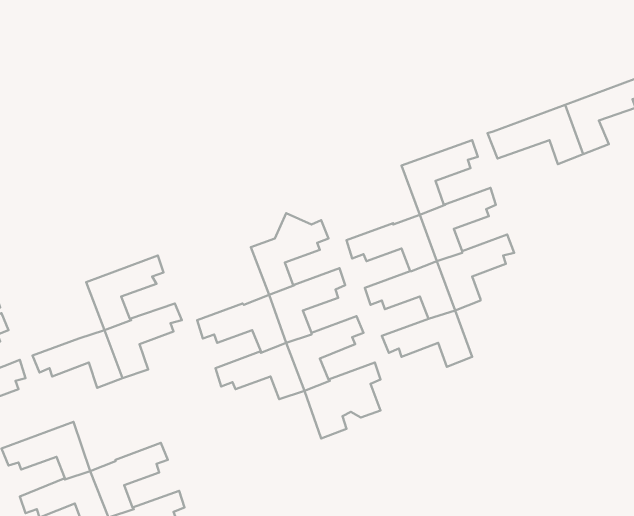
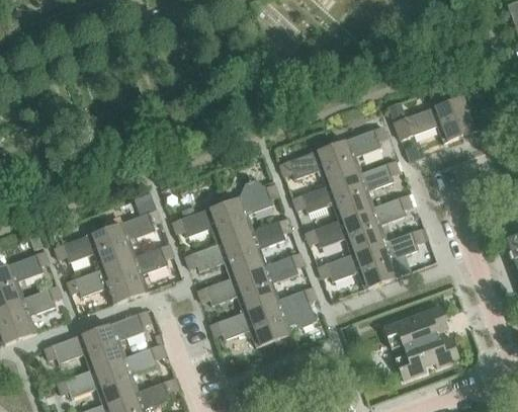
building: none -> [278,145,344,187]
building: none -> [171,203,236,245]
building: none -> [54,229,117,269]
building: none -> [369,229,424,282]
building: none -> [209,307,273,348]
building: none -> [382,307,459,381]
building: none -> [95,311,150,364]

